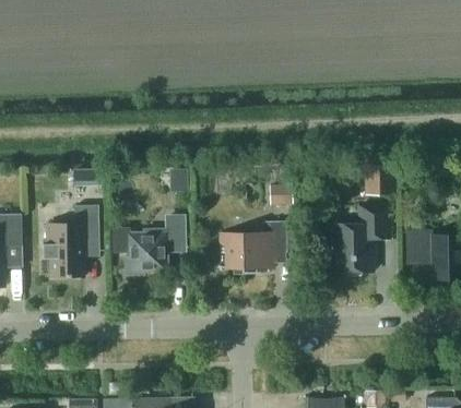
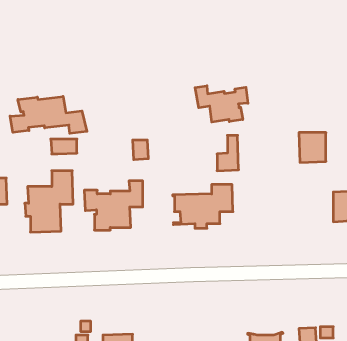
building: none -> [195,86,248,122]
building: none -> [10,96,87,133]
building: [328,205,389,272] -> none

